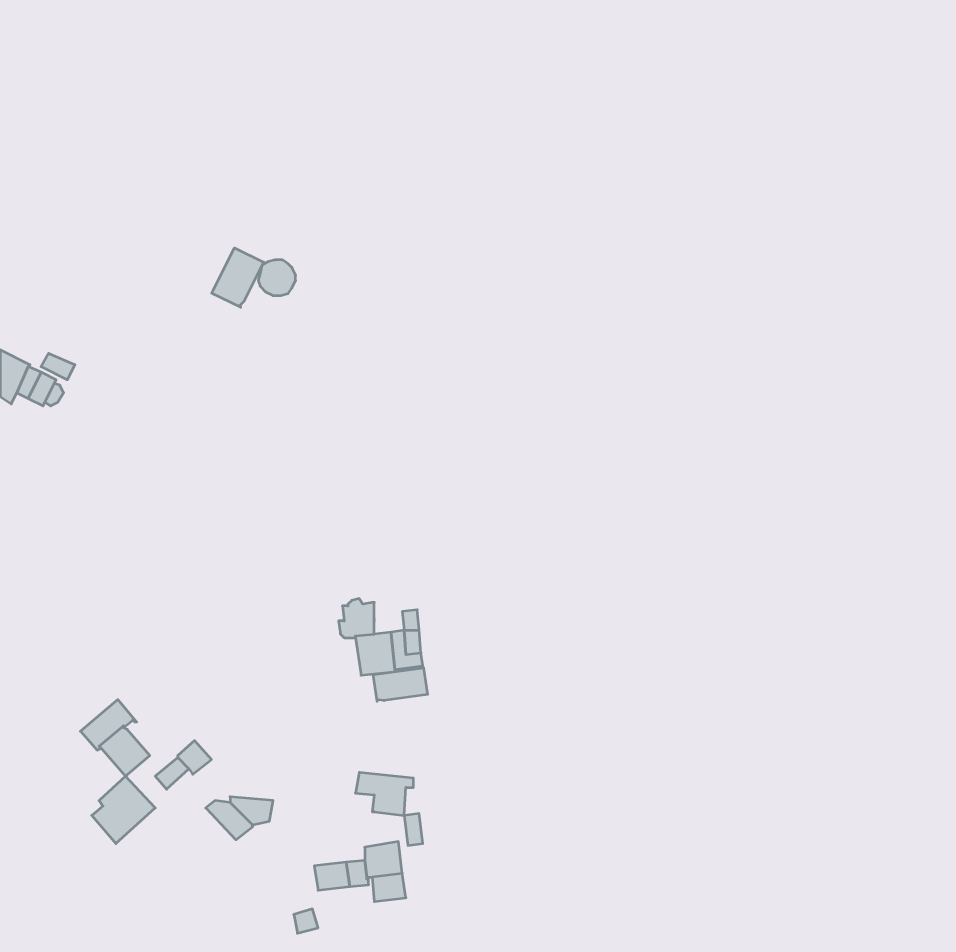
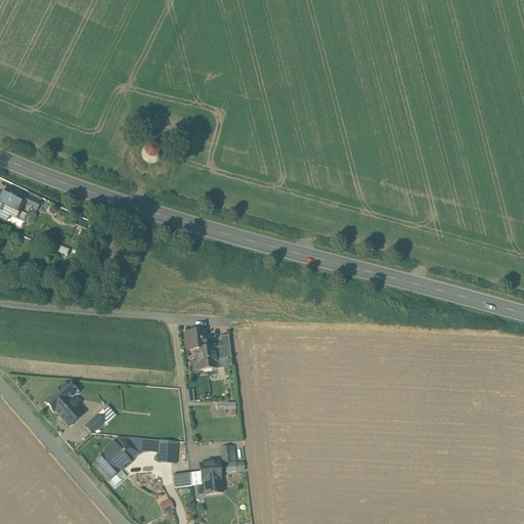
building: [212,248,264,307] -> none
building: [373,668,428,701] -> none
building: [355,772,413,815] -> [147,438,179,462]
building: [92,776,155,844] -> [94,442,129,479]

